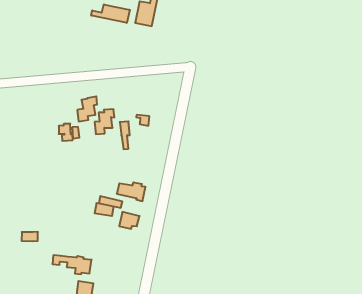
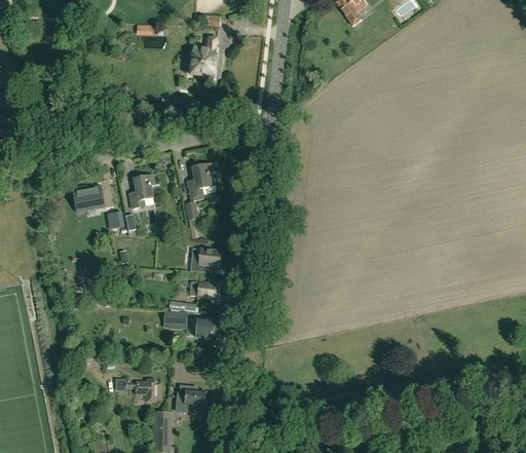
building: [91,4,130,23] -> none
building: none -> [71,187,107,210]
building: [95,109,114,134] -> [187,163,212,197]
building: none -> [190,250,222,273]
building: none -> [179,386,204,407]

